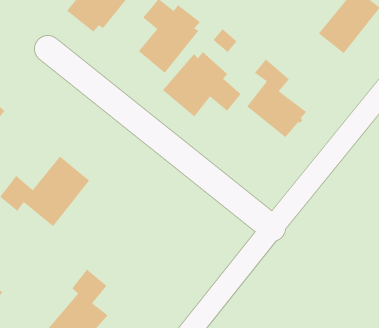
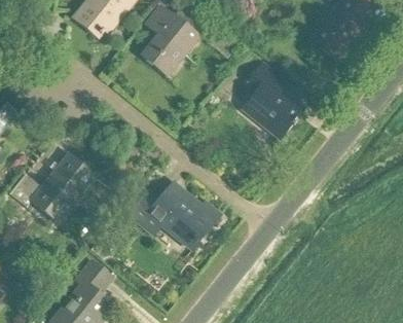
building: [162,51,241,117] -> none
building: none -> [132,183,219,247]

